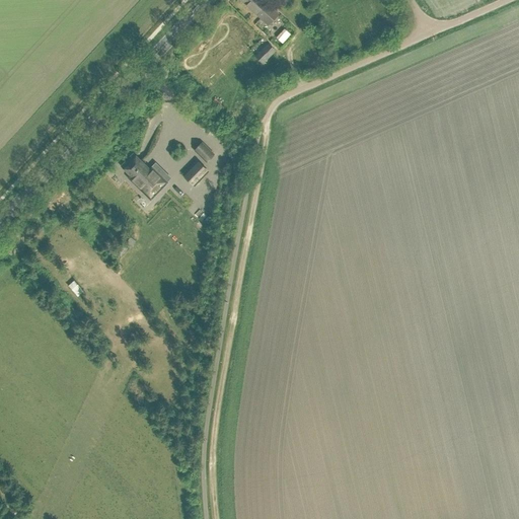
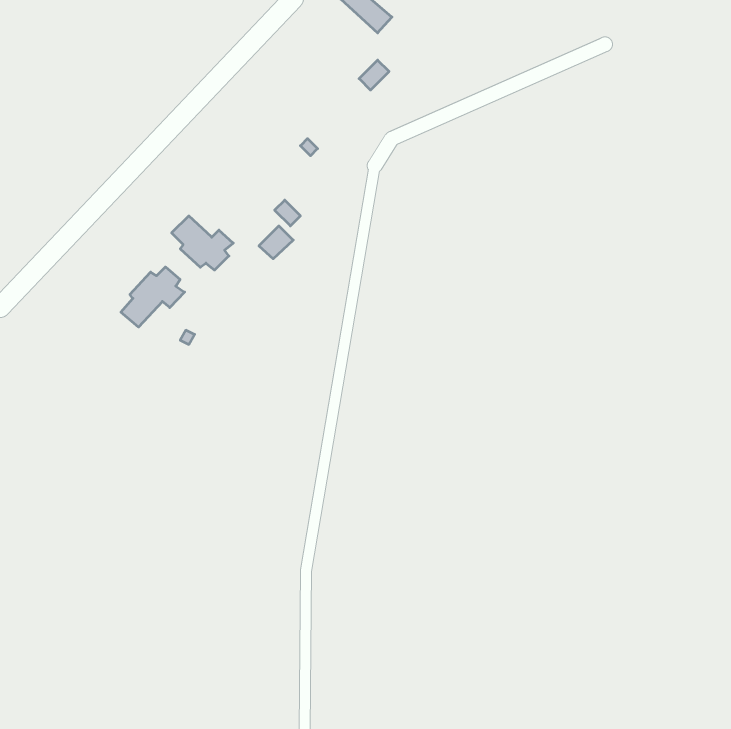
building: none -> [121,267,185,327]

